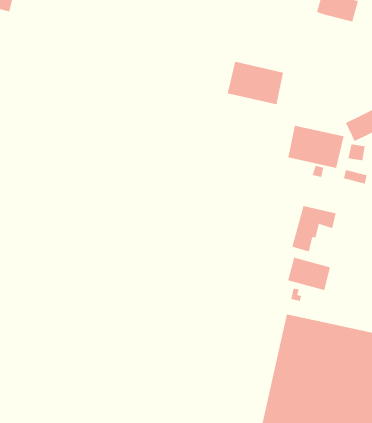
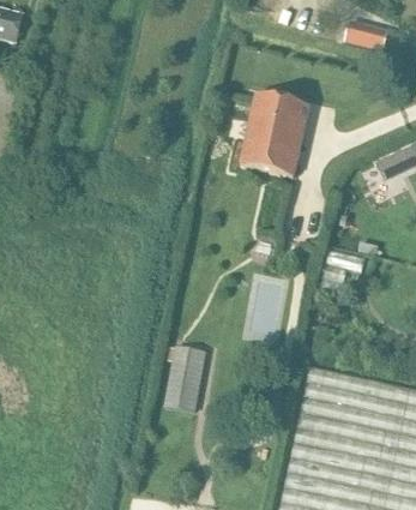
building: [288,125,345,169] -> [240,130,301,176]
building: [287,257,331,291] -> none
building: none -> [164,347,206,414]

